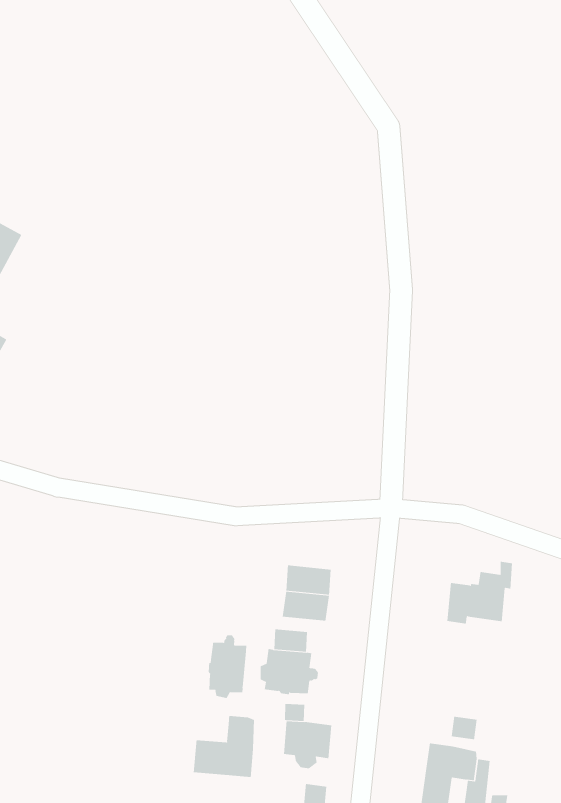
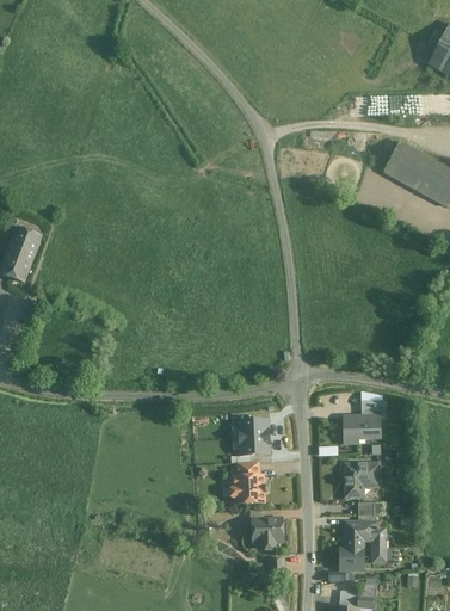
building: [208,634,247,699] -> none
building: none -> [344,463,377,496]
building: [193,715,254,778] -> none

